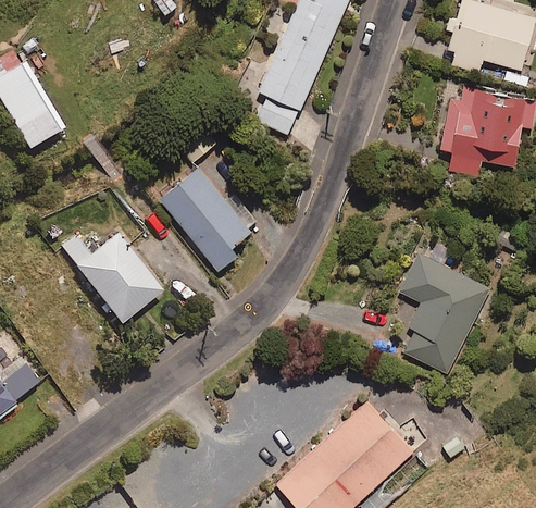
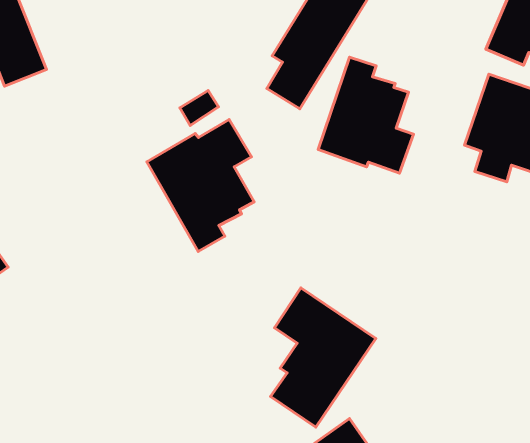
building: none -> [318,57,413,173]
building: [62,235,160,323] -> none
building: [400,253,490,374] -> [270,288,376,427]

